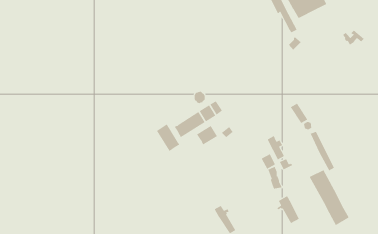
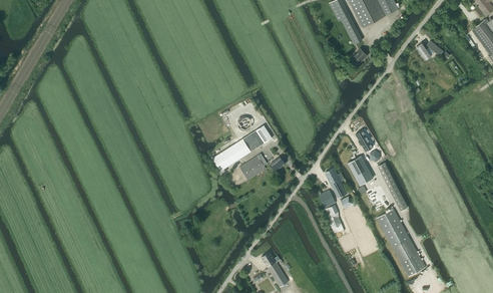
building: [156,124,180,152] -> none
building: none -> [347,156,373,186]
building: [276,195,299,224] -> none

